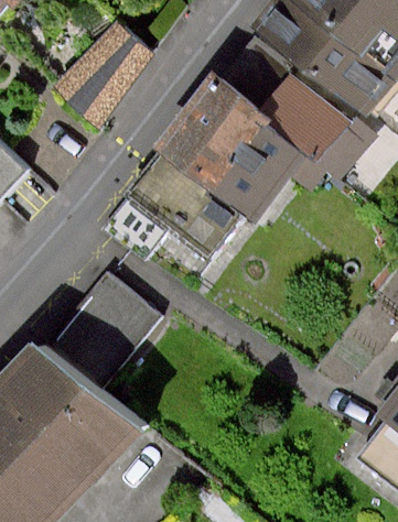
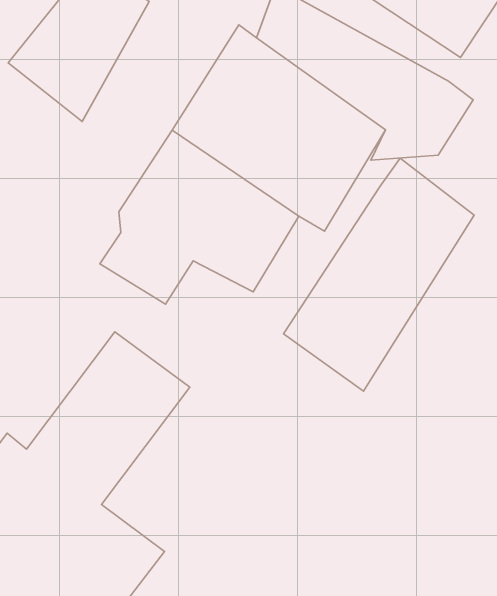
building: none -> [284,158,474,391]

